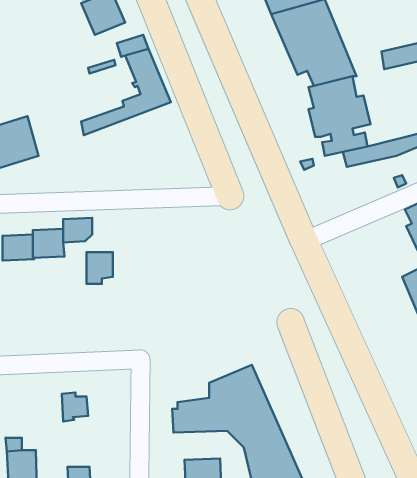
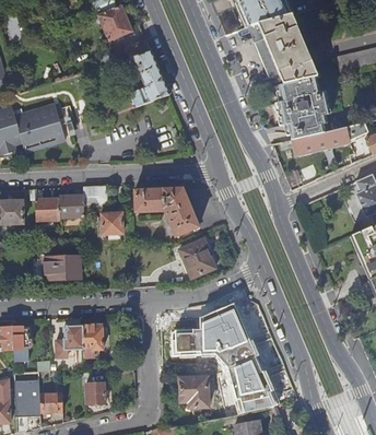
building: none -> [134,188,199,235]
building: none -> [179,238,215,278]
building: none -> [44,256,79,279]
building: none -> [56,326,83,357]

